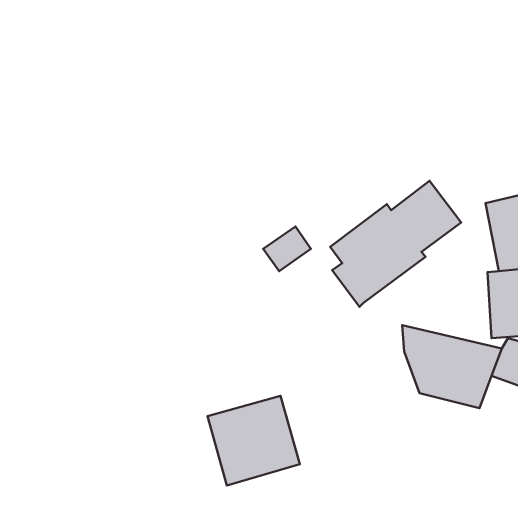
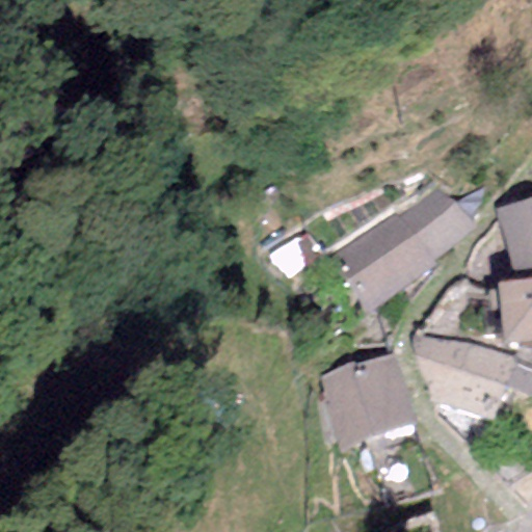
building: [207,396,300,485] -> [322,353,417,445]

